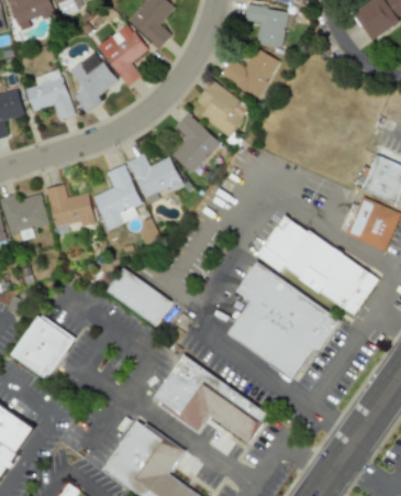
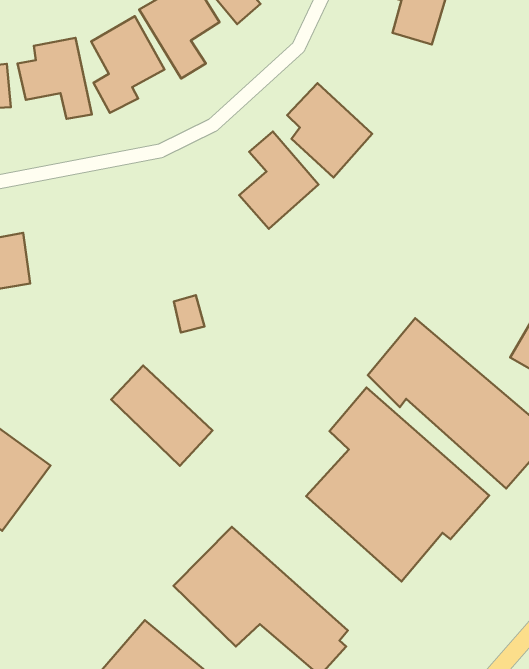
building: [219,47,277,96] -> none
building: [126,152,182,203] -> none
building: [92,164,141,225] -> none
building: [45,184,93,227] -> none

